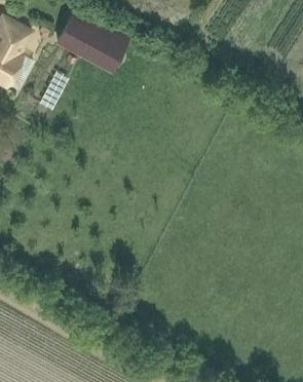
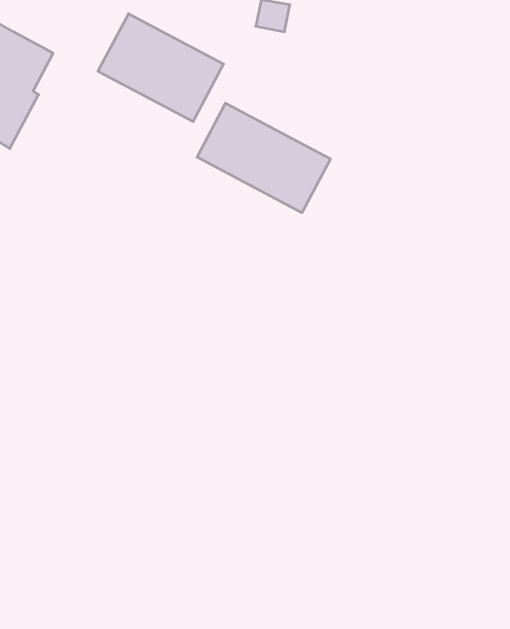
building: none -> [197,103,330,213]

